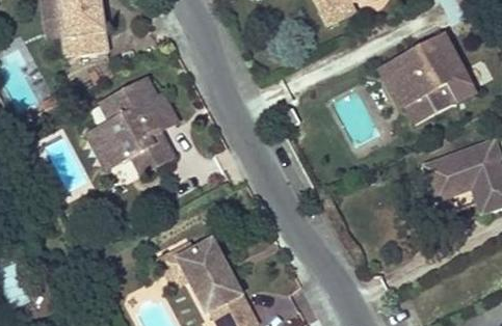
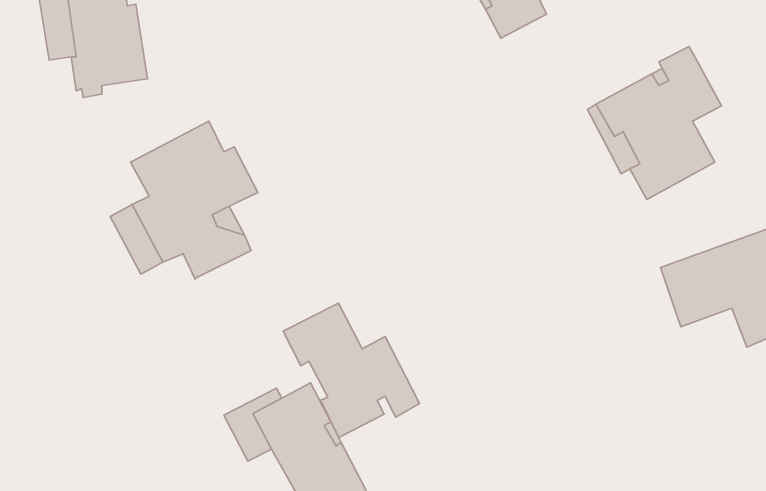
building: none -> [283,303,420,438]

